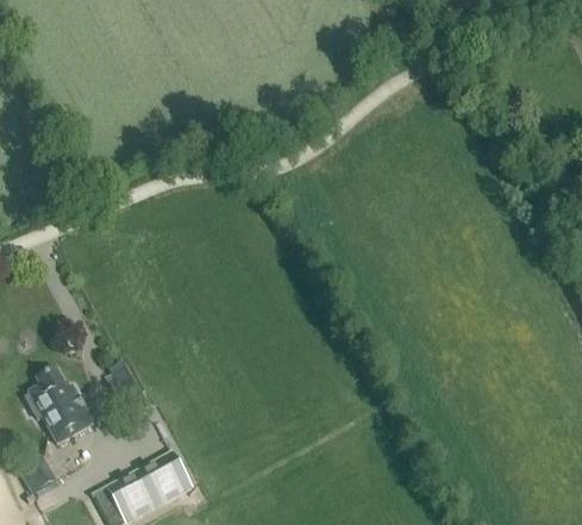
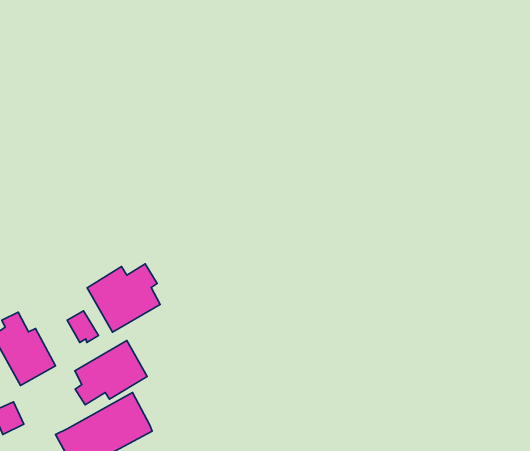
building: none -> [87,264,160,332]
building: none -> [75,341,147,405]

